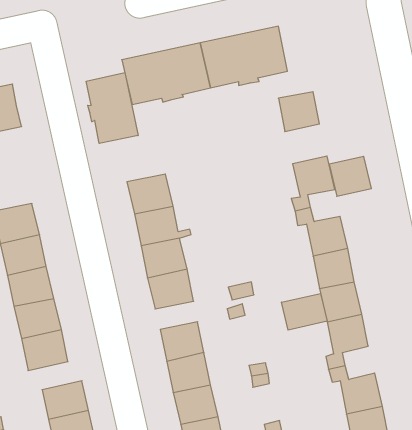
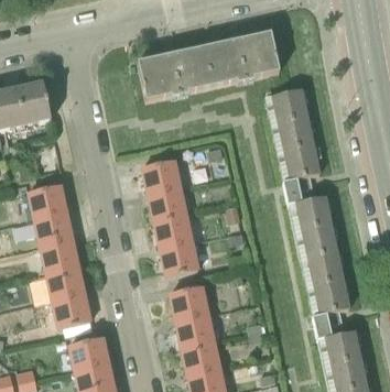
building: [86,73,138,143] -> none
building: [329,156,371,196] -> [277,117,313,151]
building: [282,293,327,330] -> none

